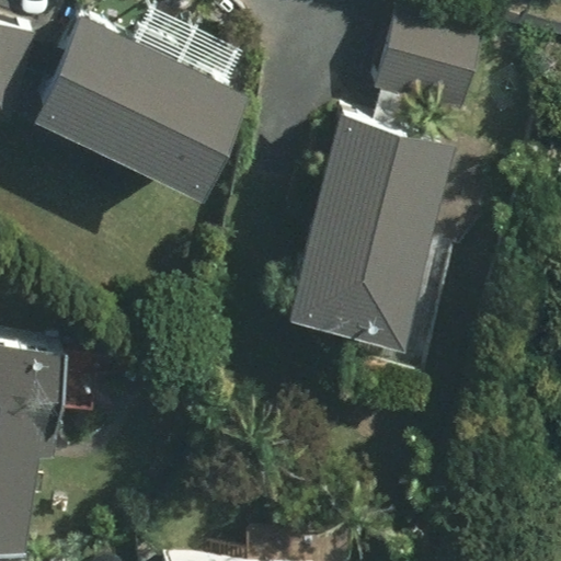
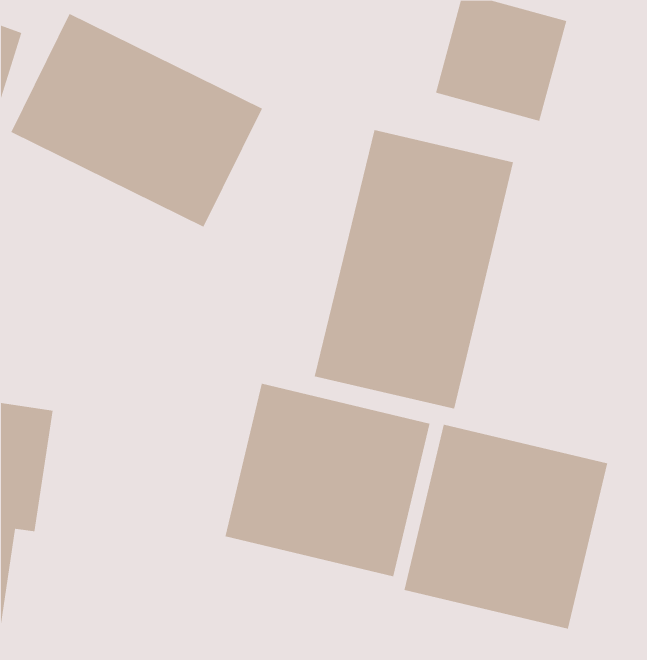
building: none -> [225,383,430,577]
building: none -> [404,424,608,630]

